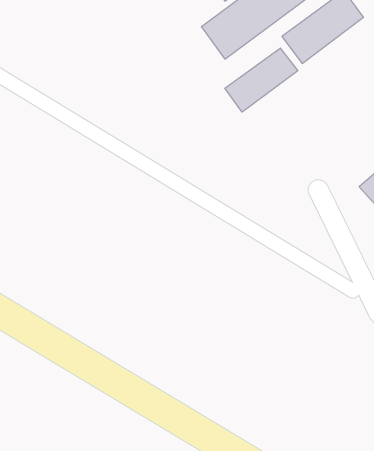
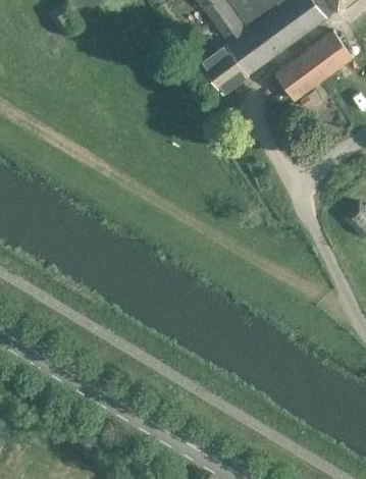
building: [225,48,298,112] -> none

